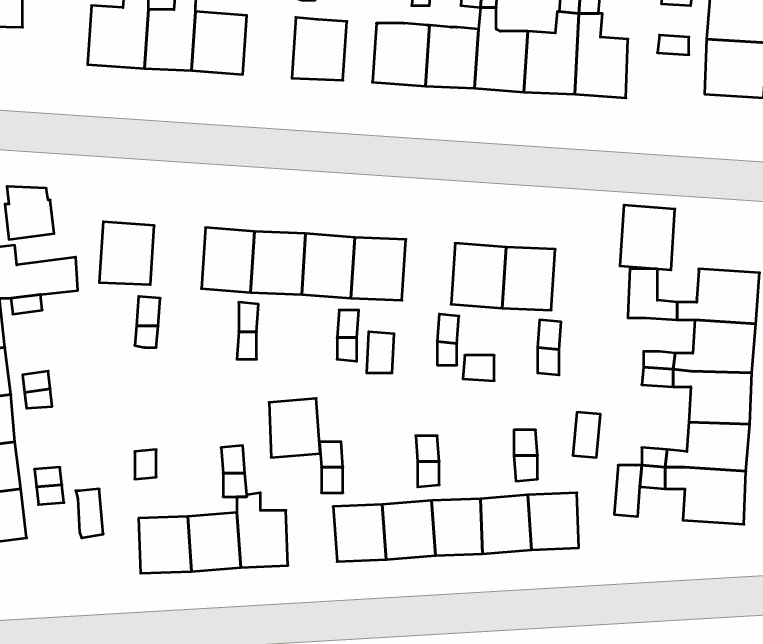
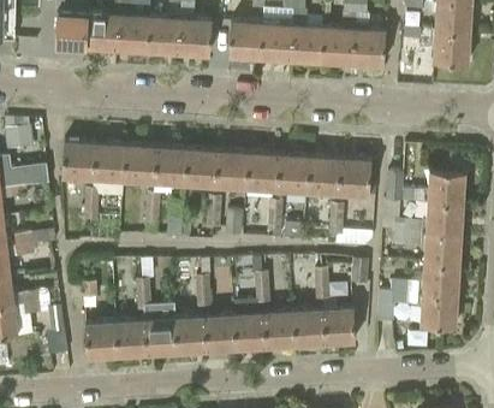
building: none -> [150,16,183,54]
building: [620,205,675,270] -> [339,159,373,199]
building: none -> [94,144,127,183]
building: none -> [248,153,280,193]
building: [269,398,320,457] -> [177,317,208,353]

